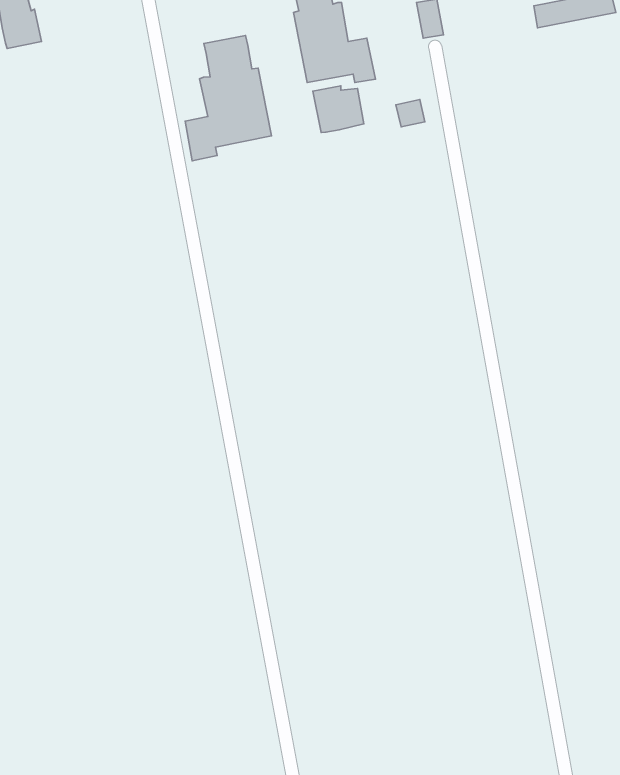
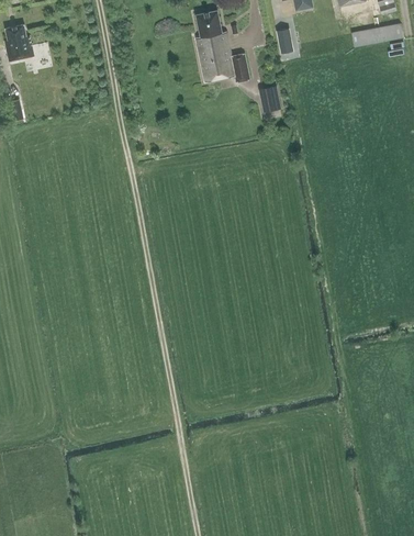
building: [185,36,271,161] -> none
building: [313,86,364,132] -> none

